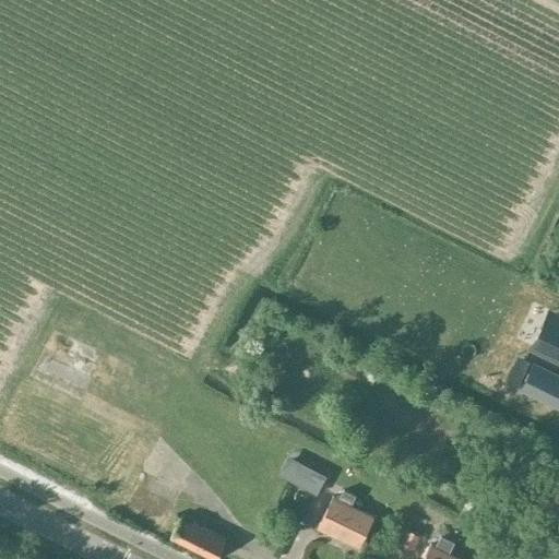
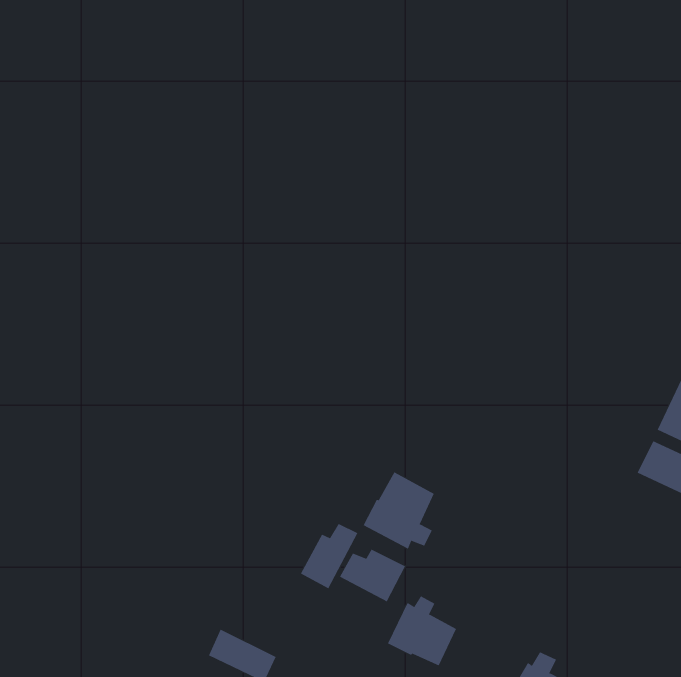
building: none -> [363,472,434,549]
building: none -> [300,523,358,589]

